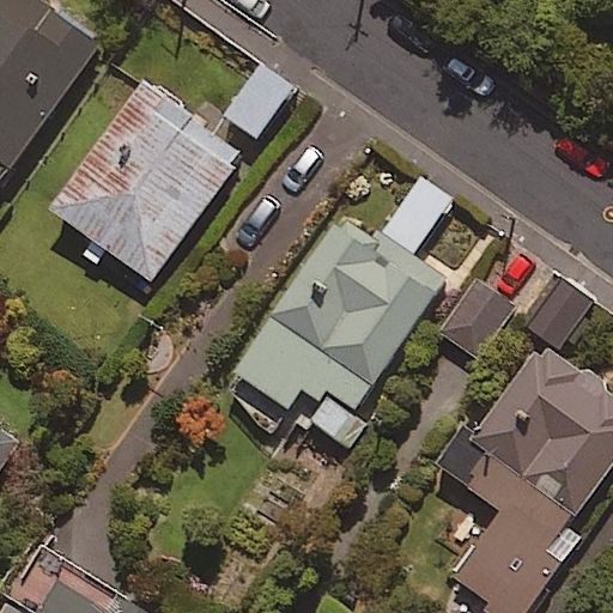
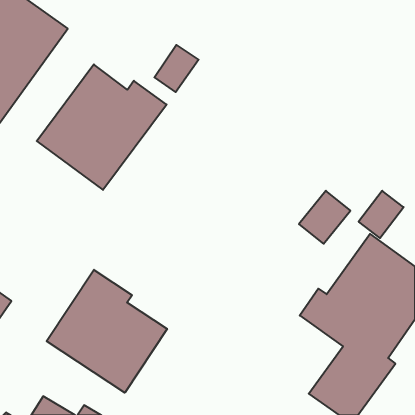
building: [232,178,449,447] -> none
building: none -> [47,270,167,393]

